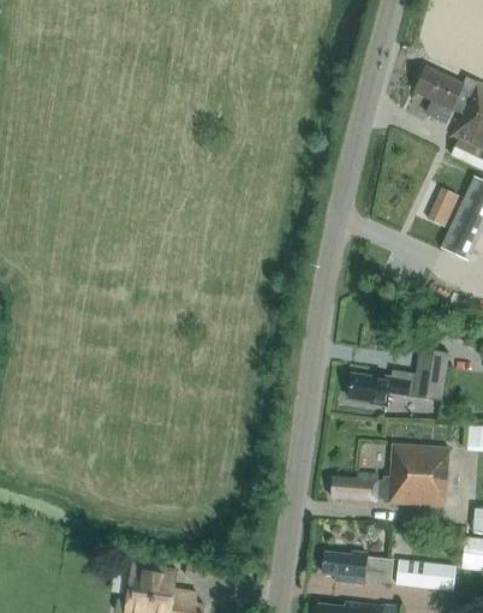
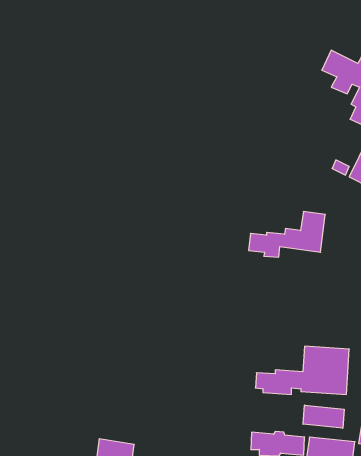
building: [350,349,447,406] -> [249,212,325,257]
building: none -> [303,405,344,428]

